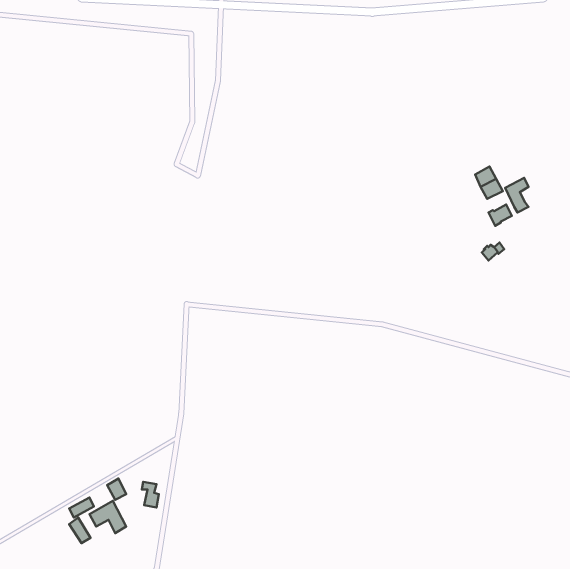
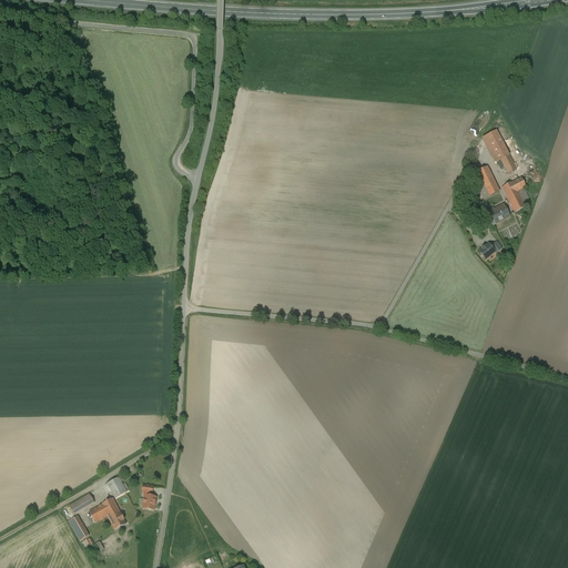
building: none -> [481,130,516,172]

